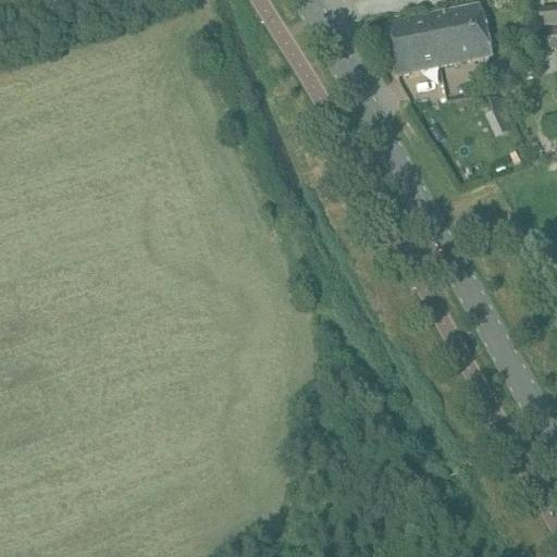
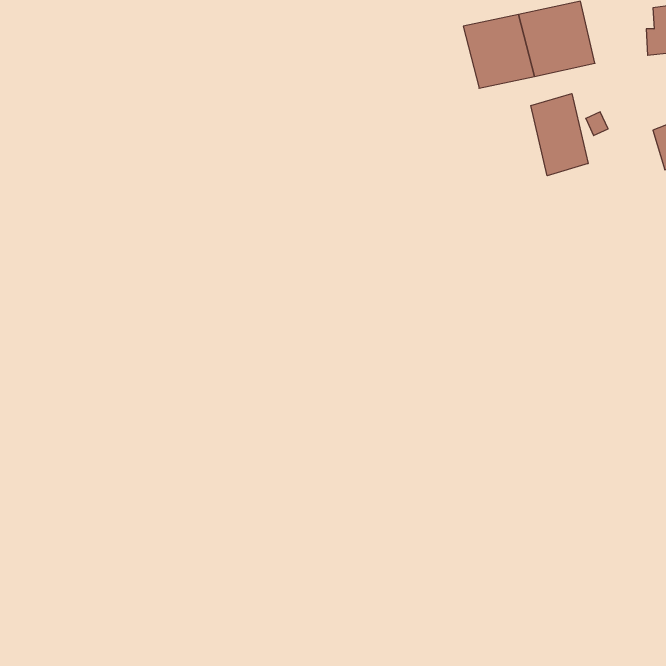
building: none -> [531,94,588,176]

